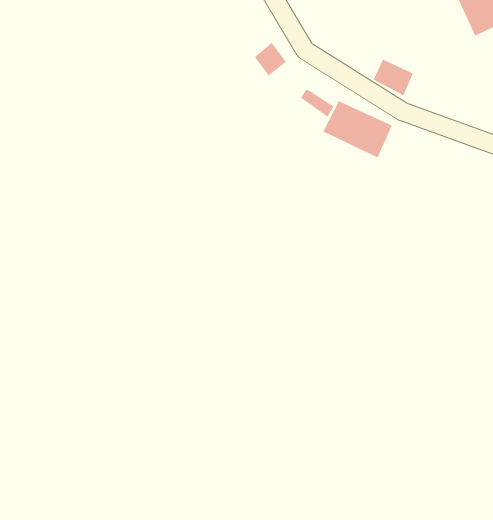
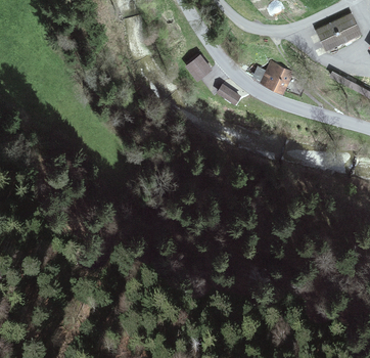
building: [322,100,393,158] -> none

